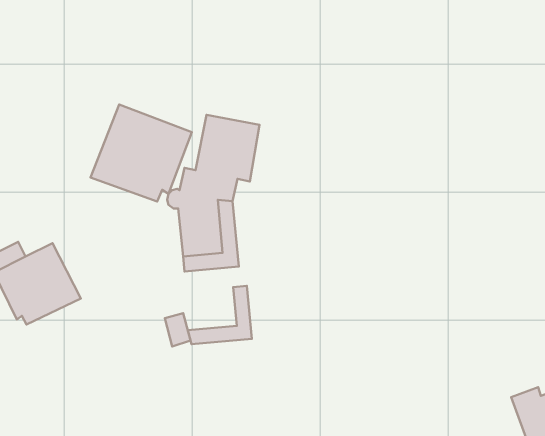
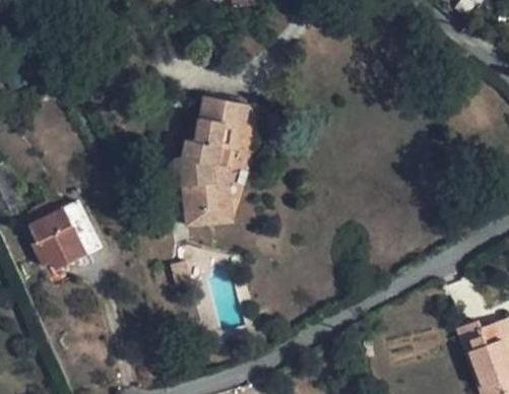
building: [91,105,192,201] -> none
building: [188,286,252,344] -> none

